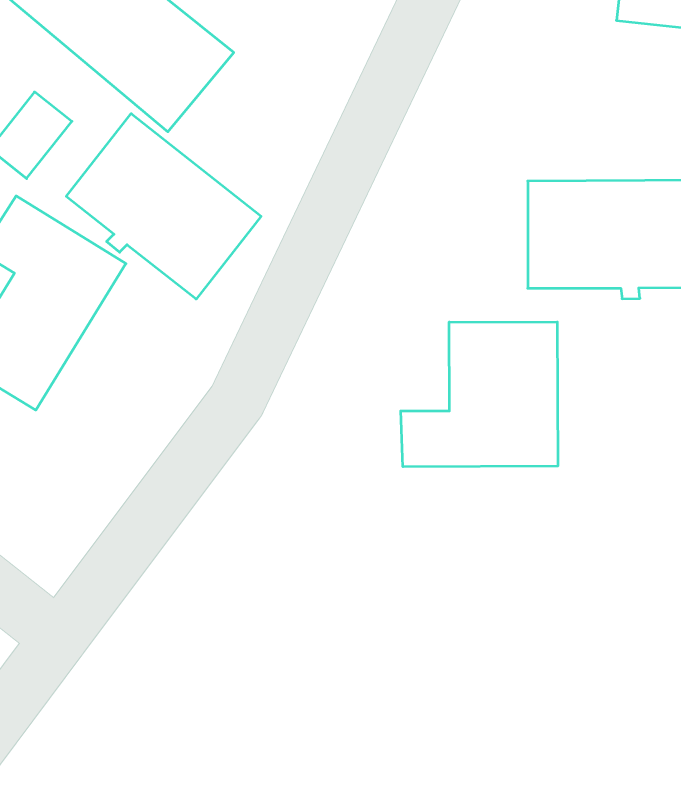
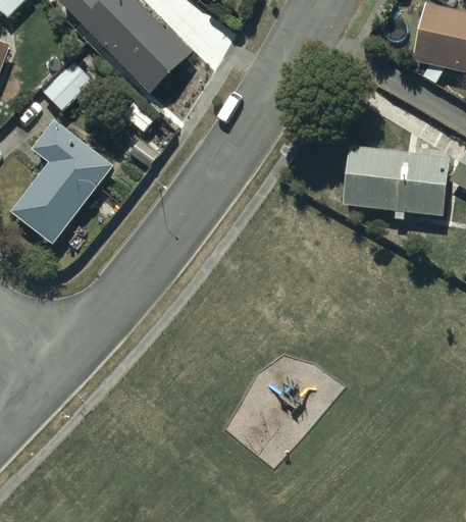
building: [66,114,261,299] -> none
building: [401,322,558,467] -> none

